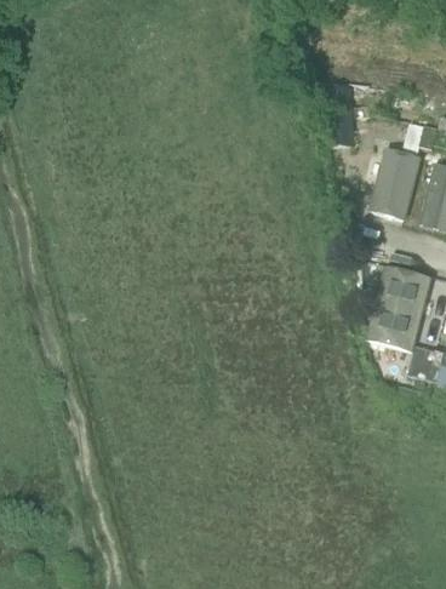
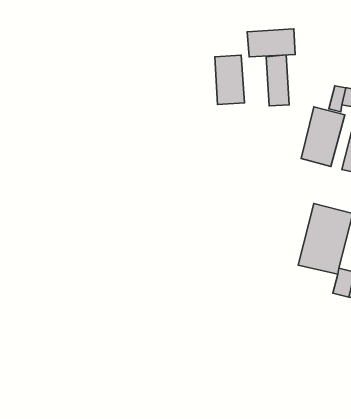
building: none -> [247,29,295,57]
building: none -> [215,55,245,105]

